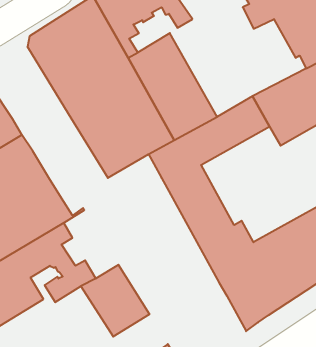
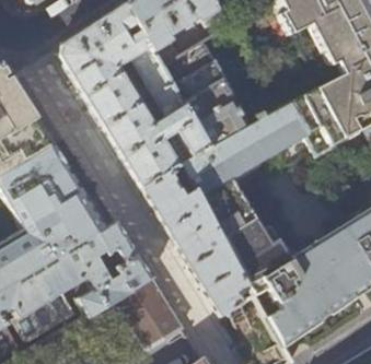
building: none -> [141,165,255,316]
building: none -> [96,222,152,292]

